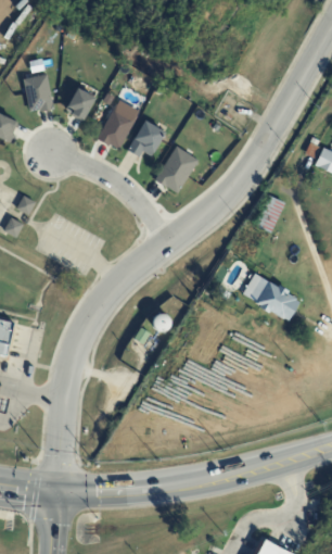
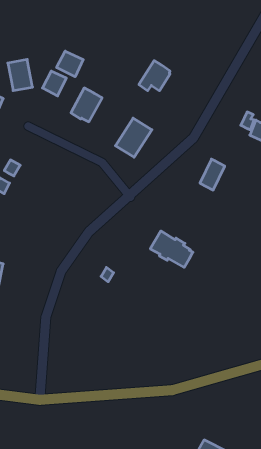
building: none -> [57,51,83,77]
building: [129,119,167,156] -> [139,61,170,91]
building: [250,276,302,320] -> [150,231,193,267]

